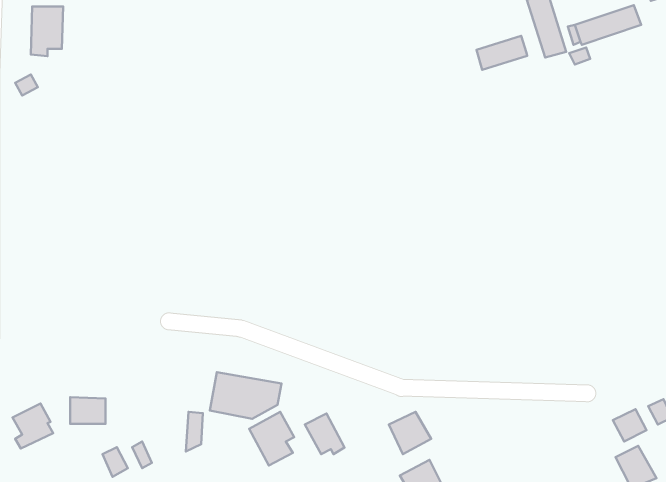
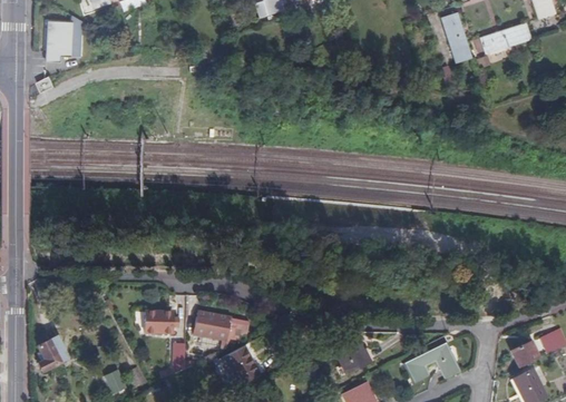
building: [476,36,527,70] -> none
building: [70,397,105,424] -> [144,311,172,332]
building: none -> [402,341,459,383]
building: [305,414,345,454] -> none

